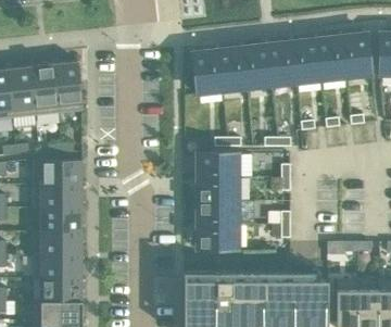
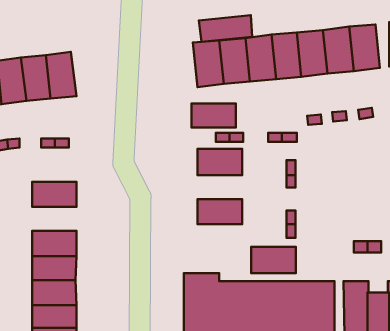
building: none -> [199,15,252,42]
building: [39,160,81,185] -> none
building: [197,178,239,201] -> [191,103,236,127]
building: [39,209,81,231] -> none
building: [197,225,239,250] -> [251,247,296,273]

